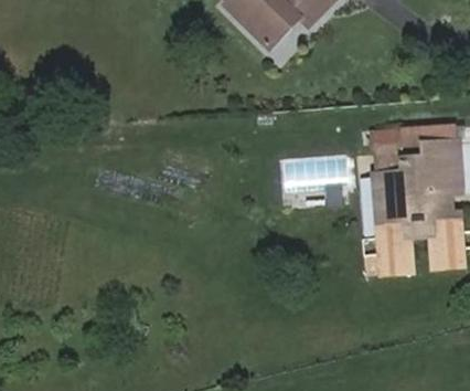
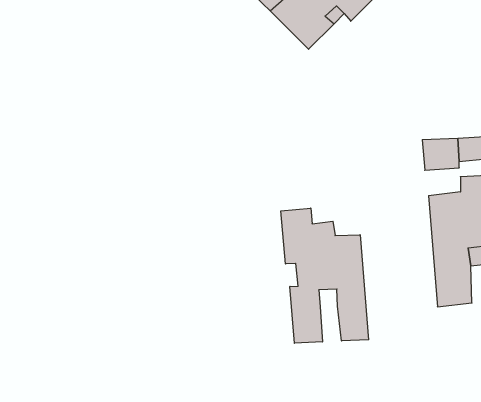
building: none -> [281,208,369,343]

